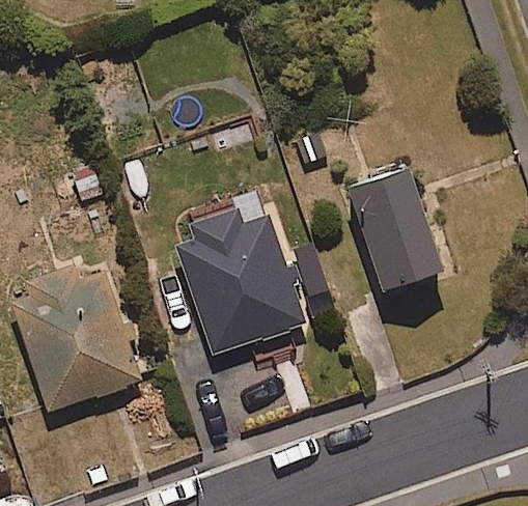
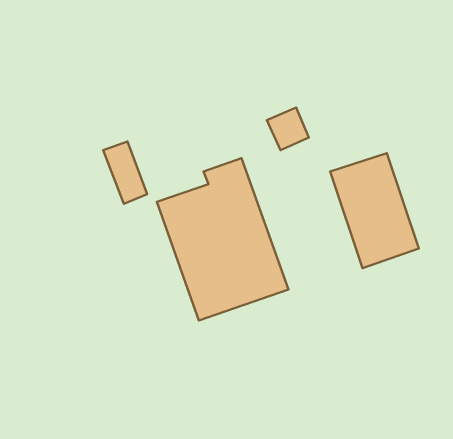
building: [9,264,137,411] -> none

